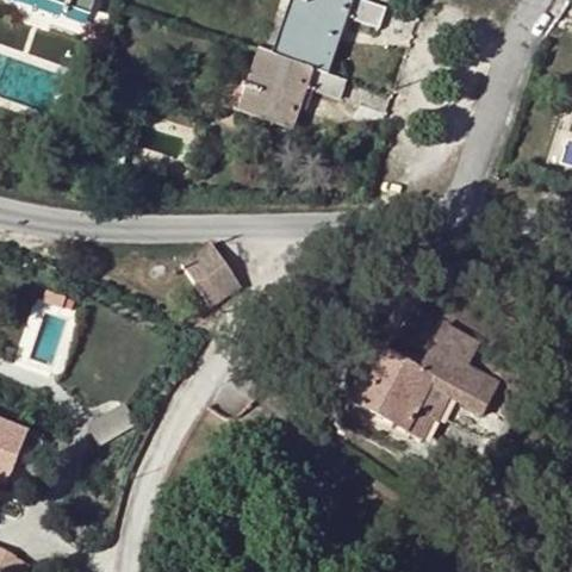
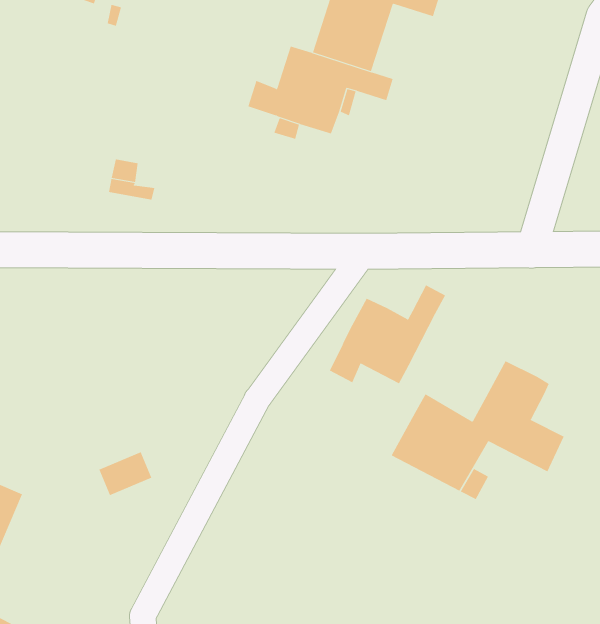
building: [182,243,240,305] -> none
building: none -> [329,285,446,384]

